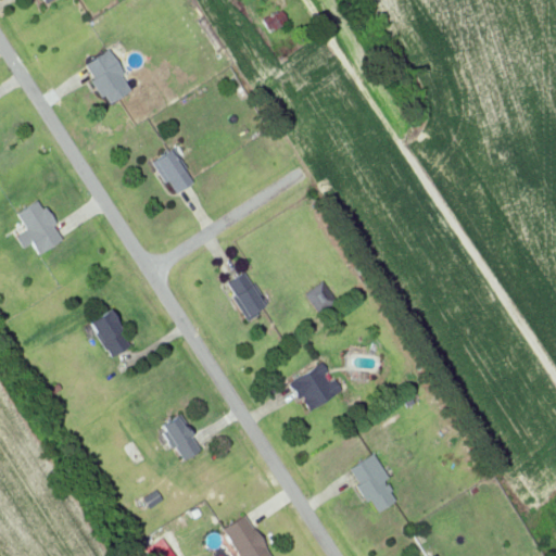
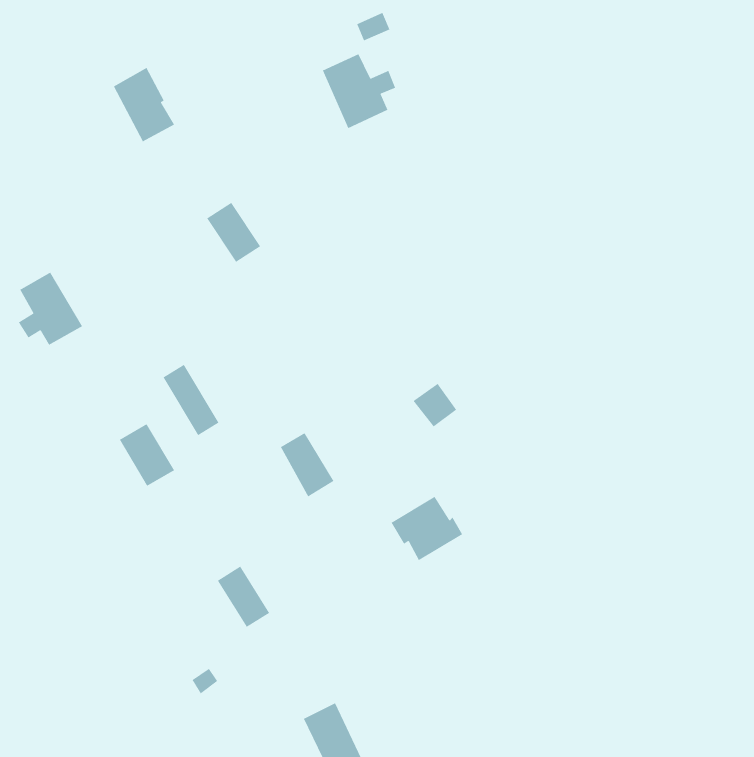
building: none -> [322,53,396,129]
building: none -> [163,364,219,436]
building: [227,271,267,319] -> [280,432,335,497]
building: [349,454,397,513] -> none

